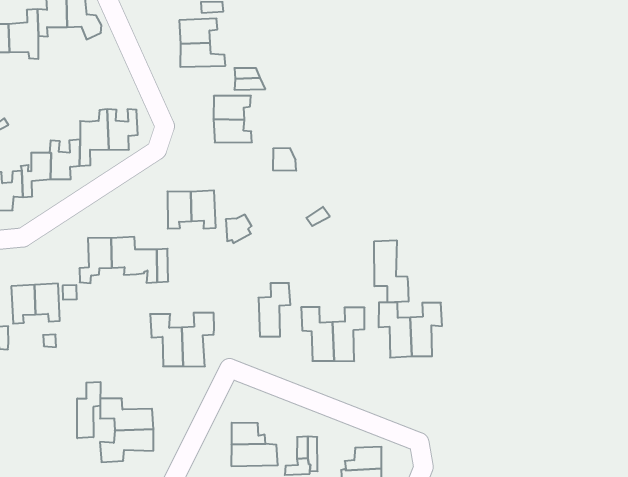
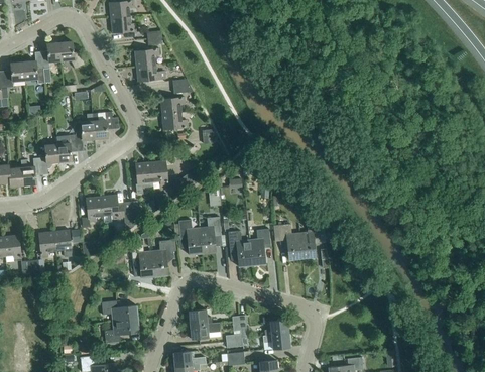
building: [374,240,408,302] -> none
building: none -> [178,220,203,254]
building: [77,382,100,438] -> none

